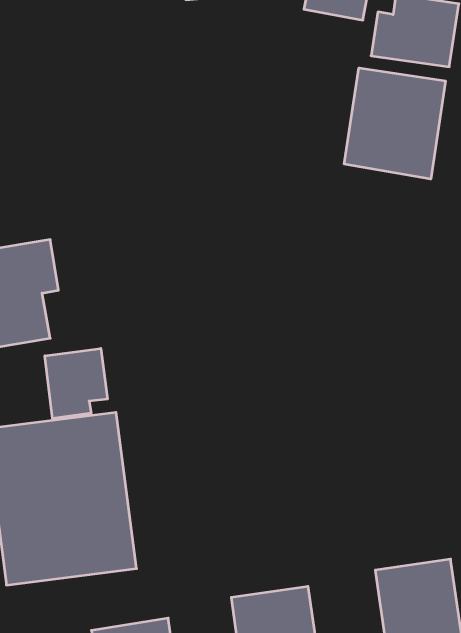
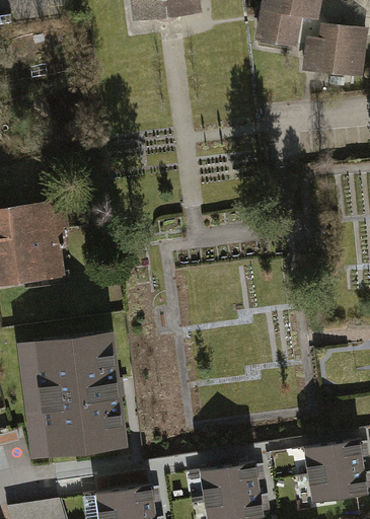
building: [344,68,445,179] -> none
building: [45,348,107,418] -> none

